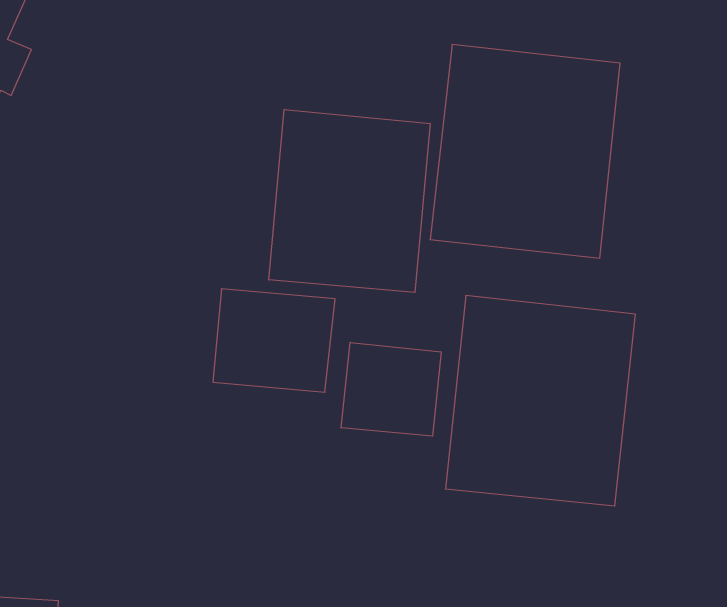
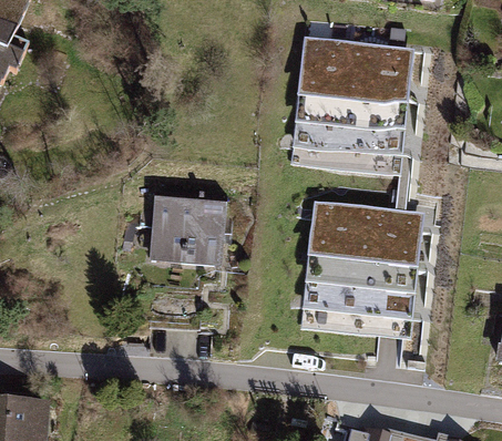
building: [269,109,430,292] -> none
building: [341,342,441,436] -> none

